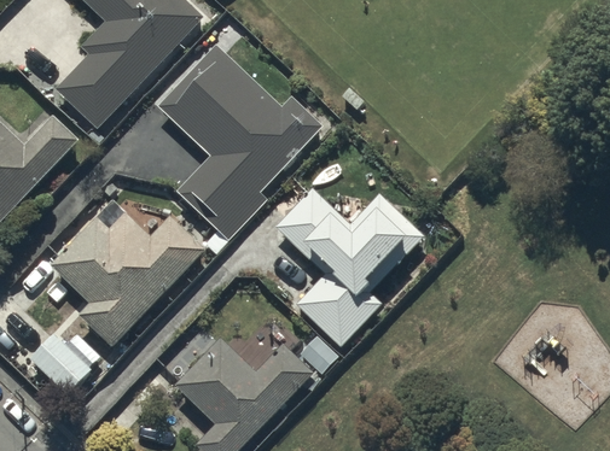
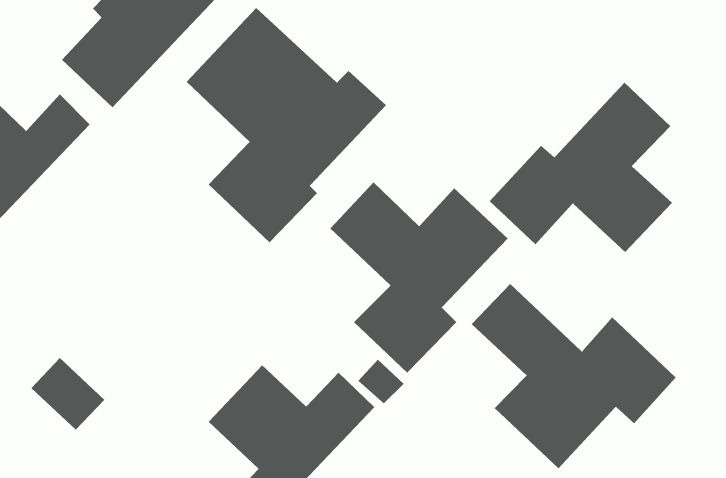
building: none -> [489,82,673,253]
building: [50,200,205,347] -> none
building: none -> [471,283,677,469]

